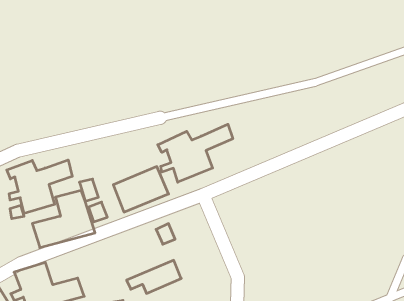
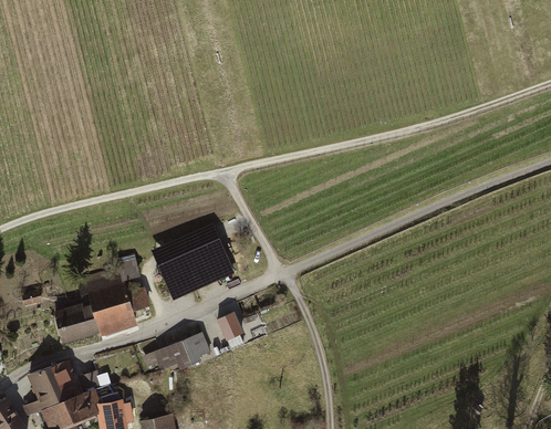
building: [158,124,233,182] -> none
building: [7,160,72,214] -> none
building: [127,260,181,293] -> [138,331,211,375]

